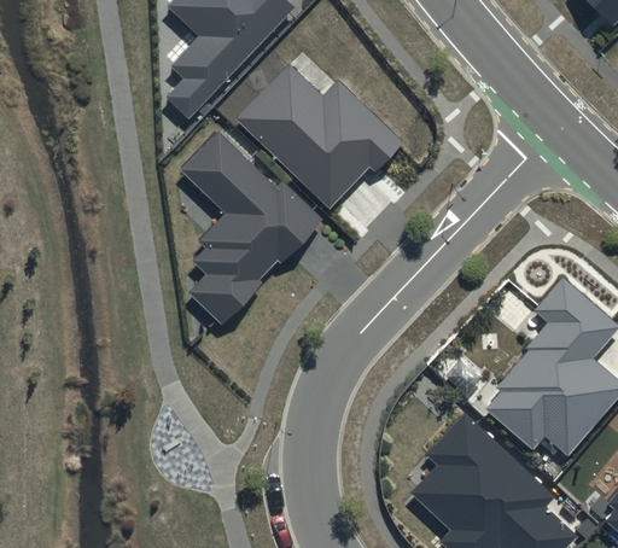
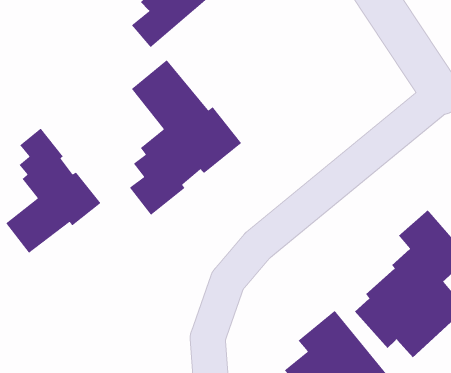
building: [234,62,402,209] -> none
building: none -> [5,127,101,254]

